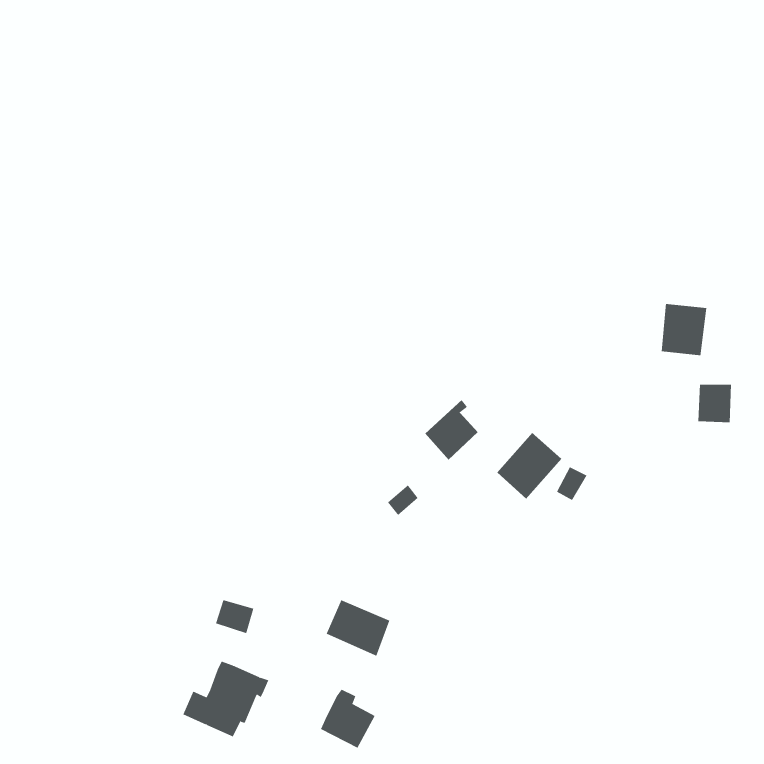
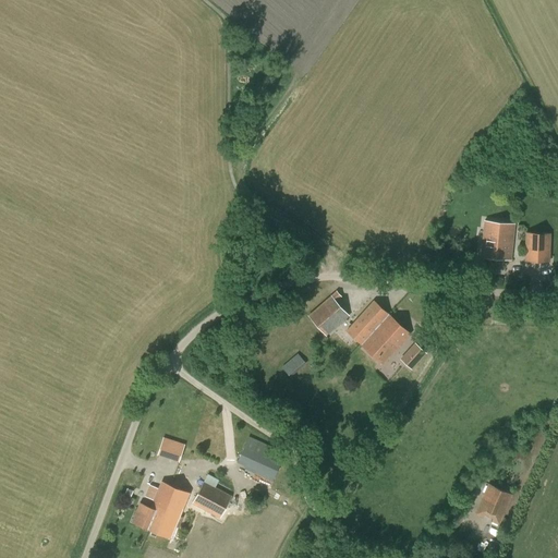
building: [698,384,732,423] -> [525,233,550,262]
building: none -> [348,302,388,344]
building: none -> [475,484,513,524]
building: [320,689,376,749] -> [192,476,232,520]

